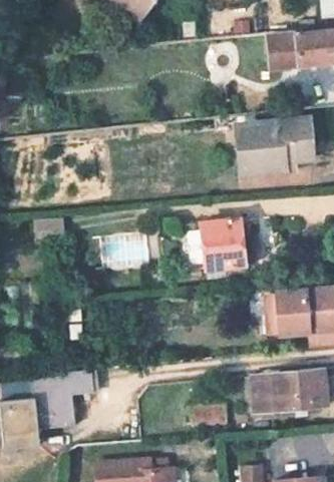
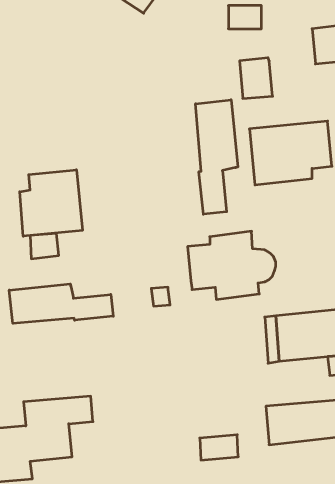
building: [268,30,298,67] -> [240,58,273,98]
building: none -> [196,100,238,214]
building: none -> [20,170,82,236]
building: none -> [9,284,113,323]

